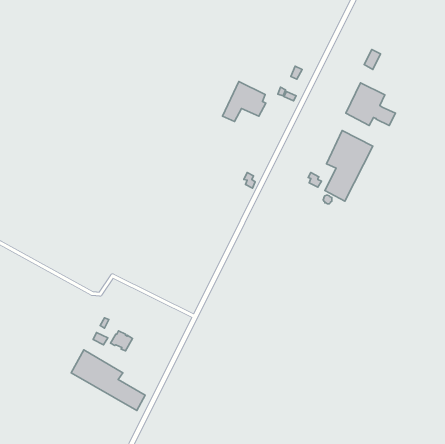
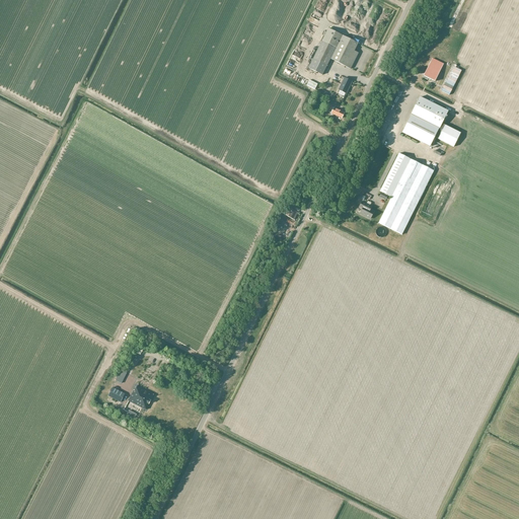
building: [222,81,266,122] -> [308,27,359,74]
building: [71,350,145,410] -> none

